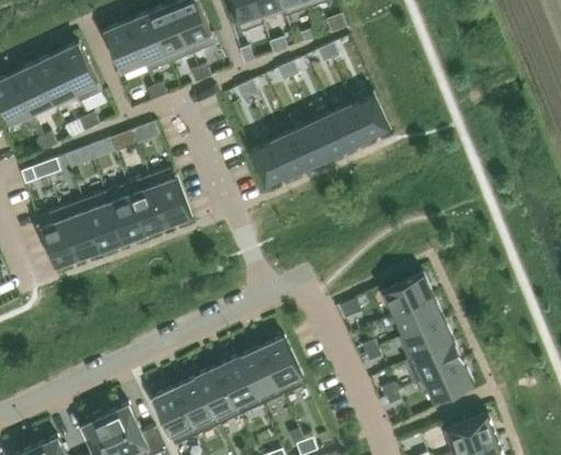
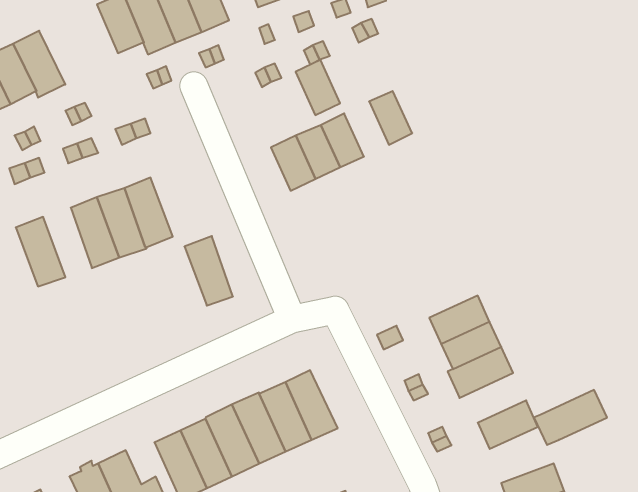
building: [56,43,102,103] -> none
building: [352,93,390,138] -> none
building: [311,112,348,158] -> [296,60,340,115]
building: [149,167,190,225] -> [184,236,233,306]
building: [59,201,100,259] -> none
building: [402,339,463,385] -> [534,390,607,445]

